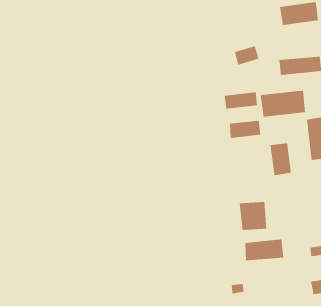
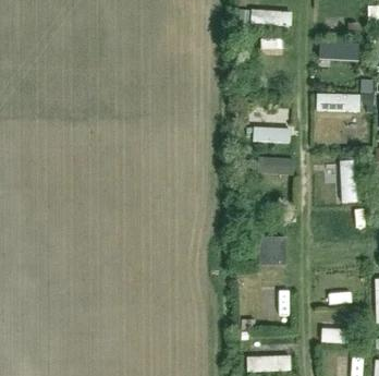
building: [260,90,305,117] -> none
building: [270,143,291,176] -> none

